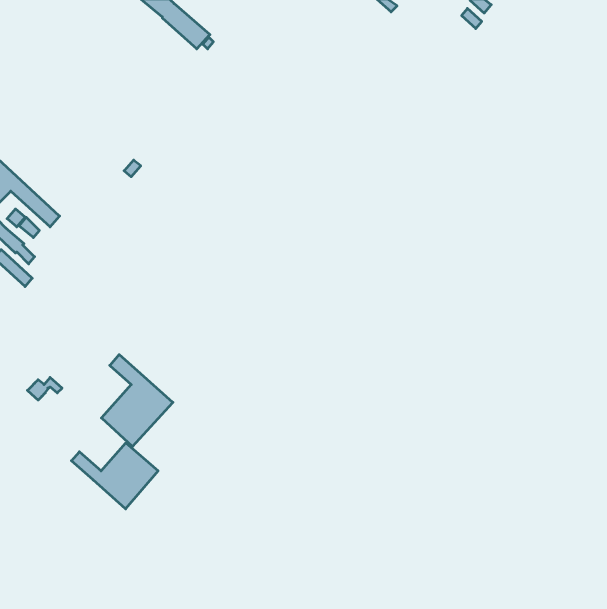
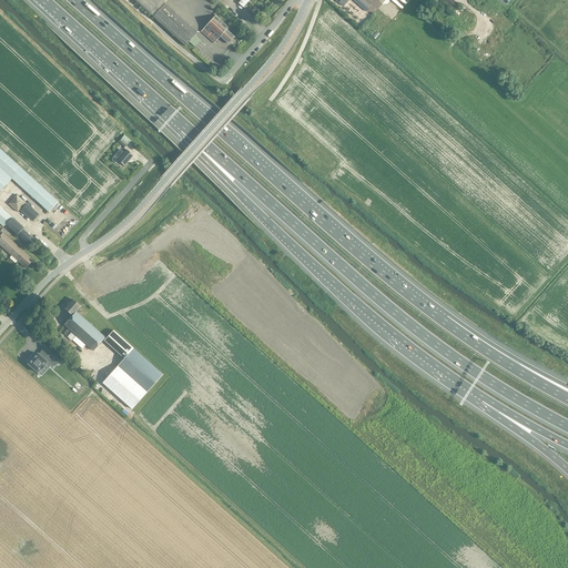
building: none -> [199,14,232,43]
building: none -> [62,297,103,349]
building: [71,443,158,509] -> none

